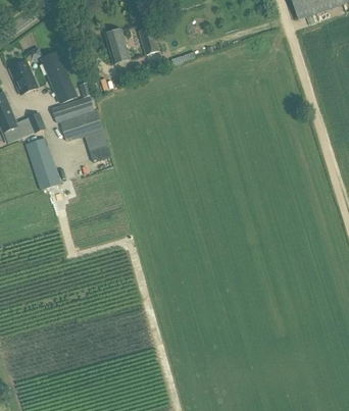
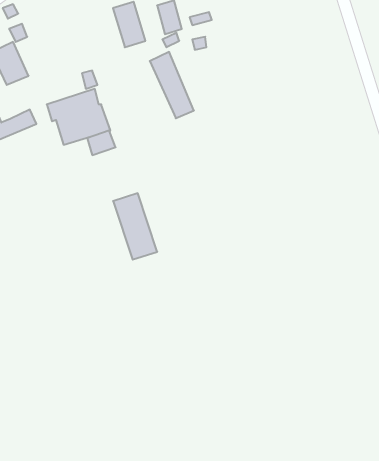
building: [41,51,76,103] -> [150,52,194,118]
building: [26,138,60,190] -> [113,193,157,260]

